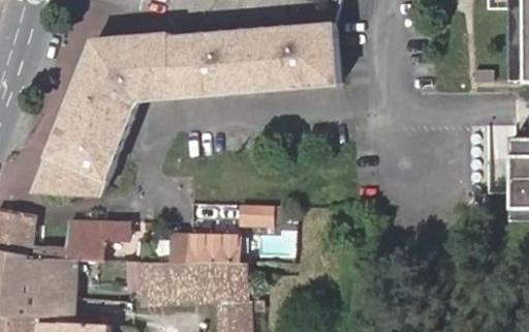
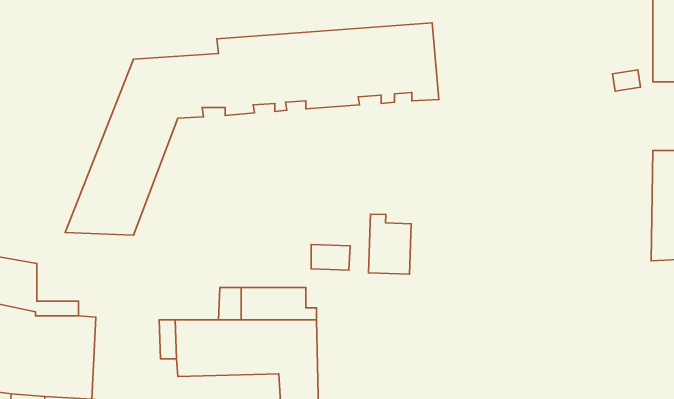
building: [35,36,172,190] -> none
building: none -> [368,214,411,274]
building: [64,217,127,256] -> none

